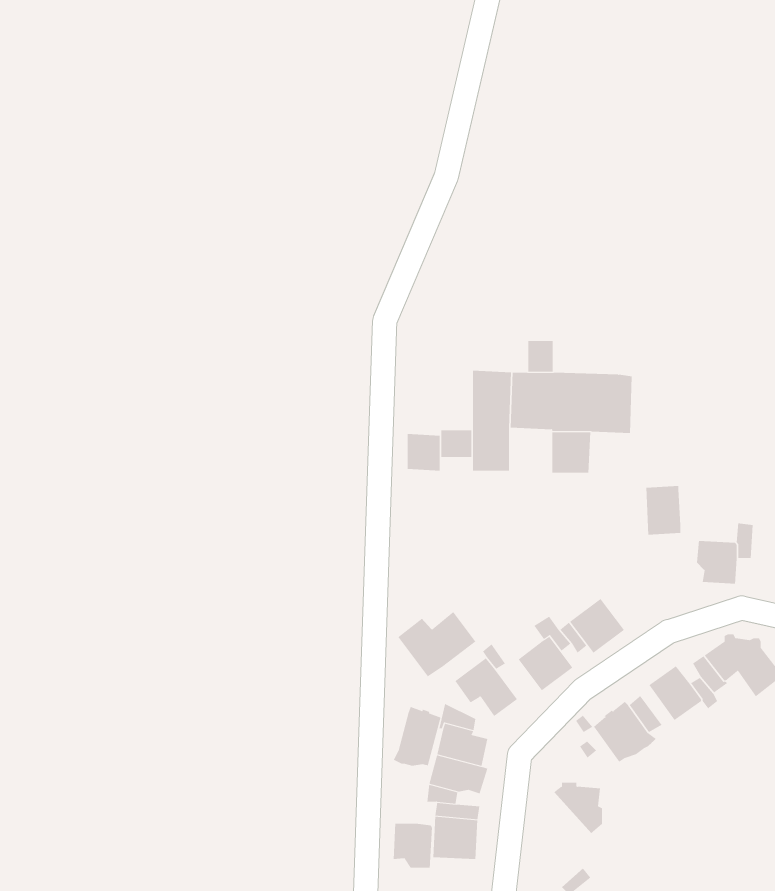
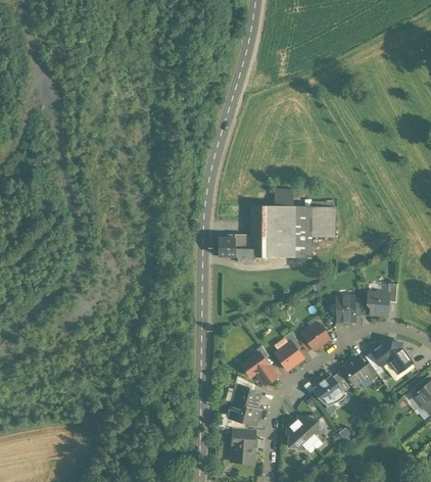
building: none -> [271,234,292,257]
building: [645,486,681,535] -> [336,296,354,322]
building: [398,611,476,677] -> none
building: [393,706,441,767] -> none
building: none -> [286,422,313,449]
building: [393,823,432,869] -> none

